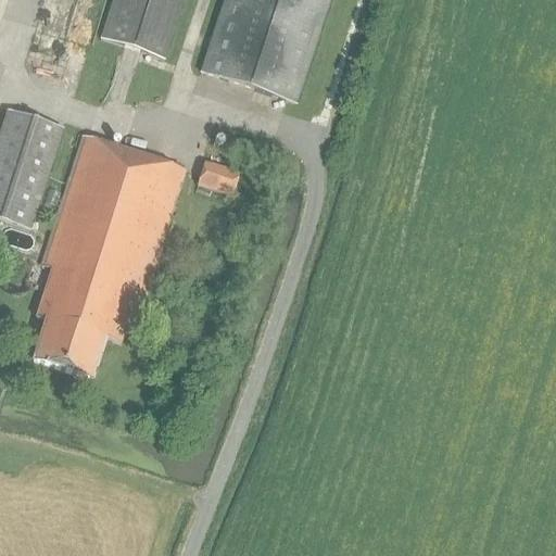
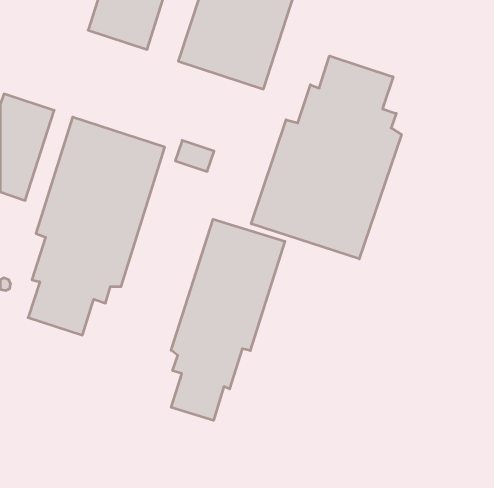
building: none -> [251,56,401,259]
building: none -> [171,219,285,420]

